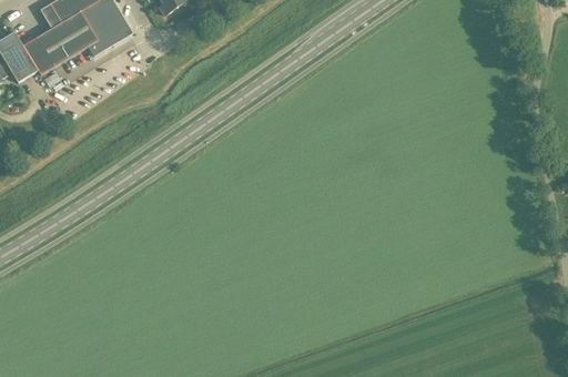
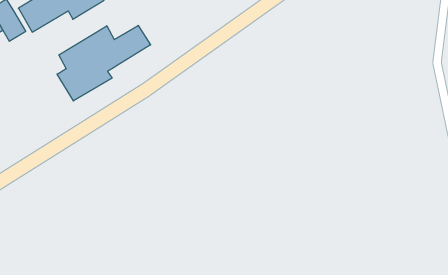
building: none -> [57,25,151,101]

